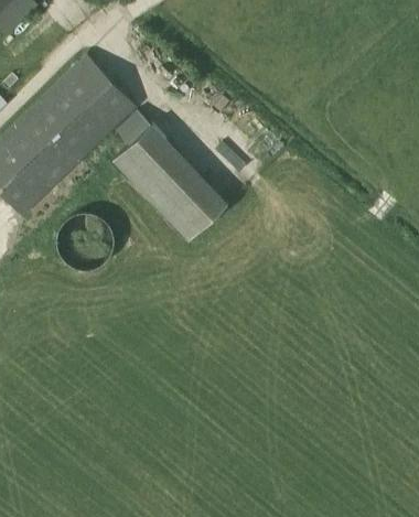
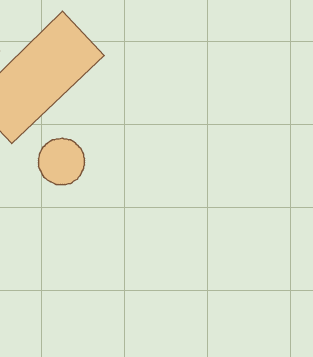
building: [110,122,227,240] -> none

